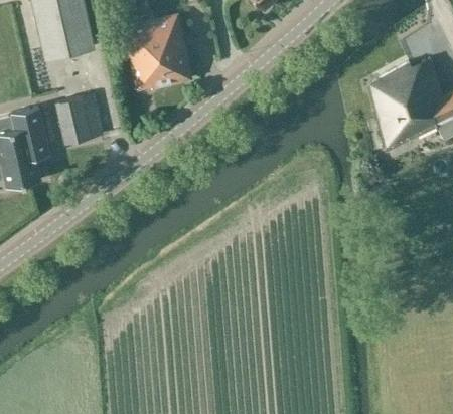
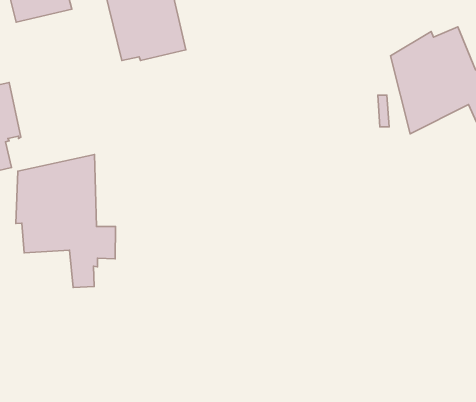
building: [56,92,104,144] -> none
building: none -> [16,154,115,288]

